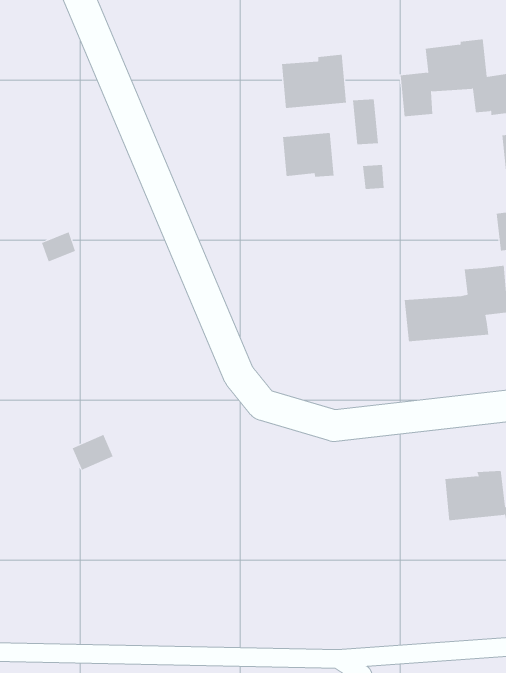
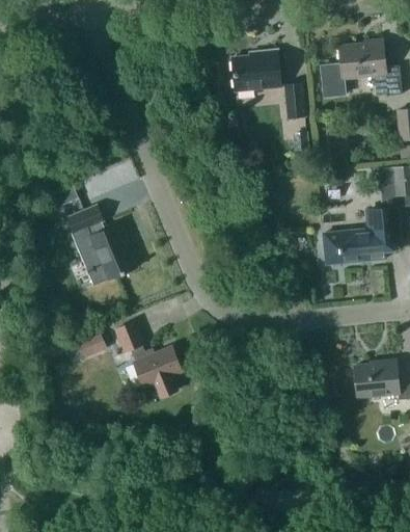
building: [282,132,334,177] -> none
building: none -> [66,205,136,285]
building: none -> [114,321,182,397]

